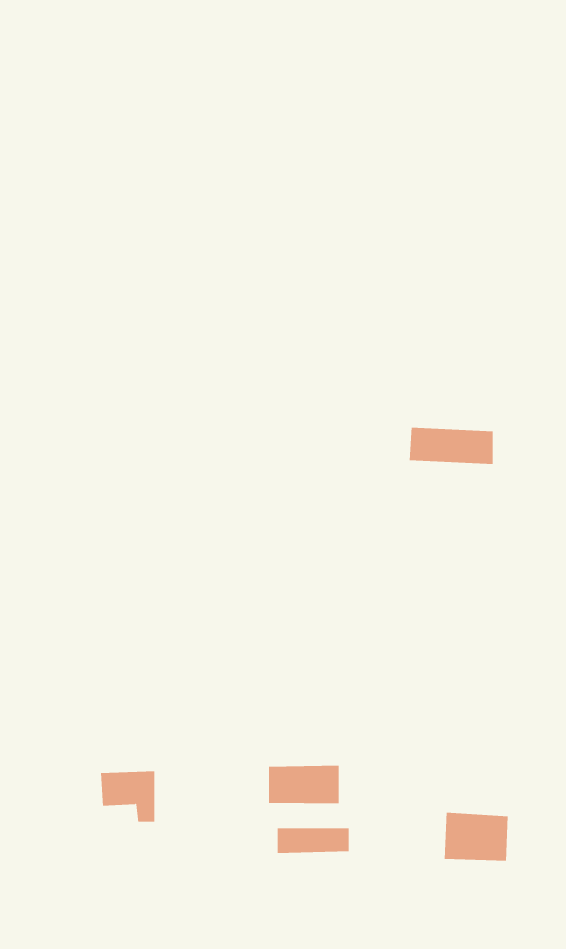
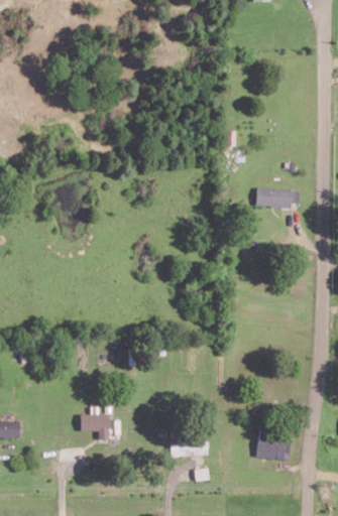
building: [409,427,493,465] -> [255,187,299,207]
building: [268,765,339,804] -> none

